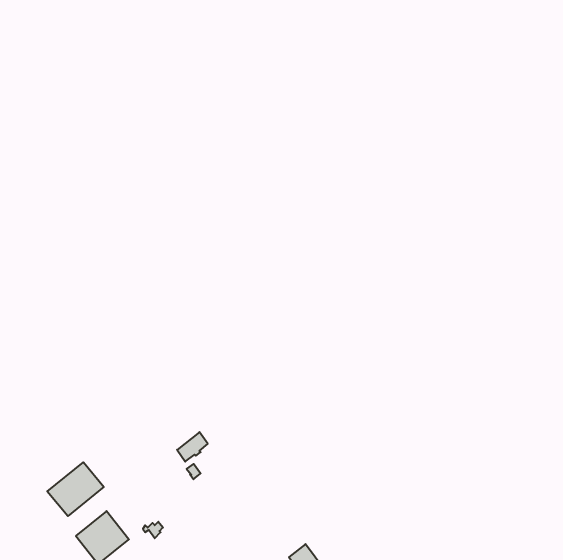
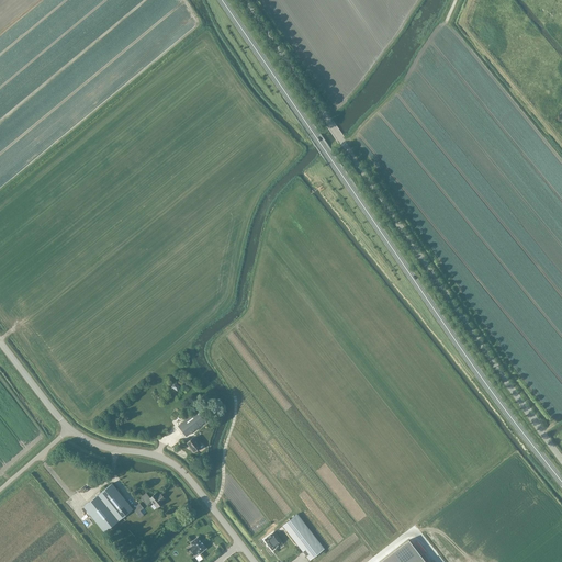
building: [47,462,104,516] -> none

